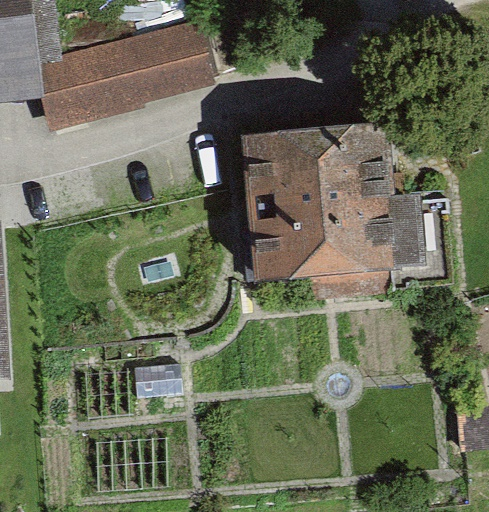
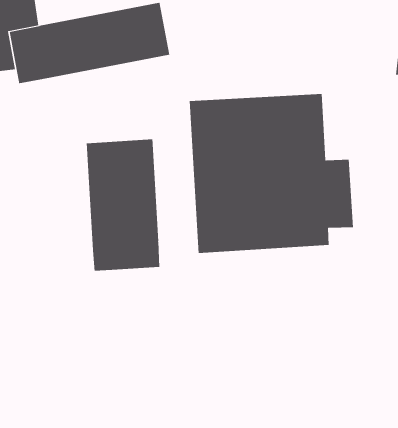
building: none -> [86,139,160,272]

